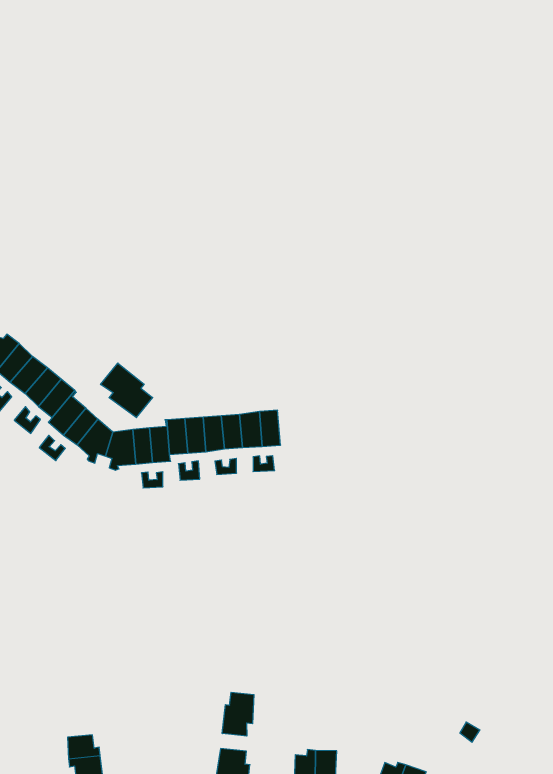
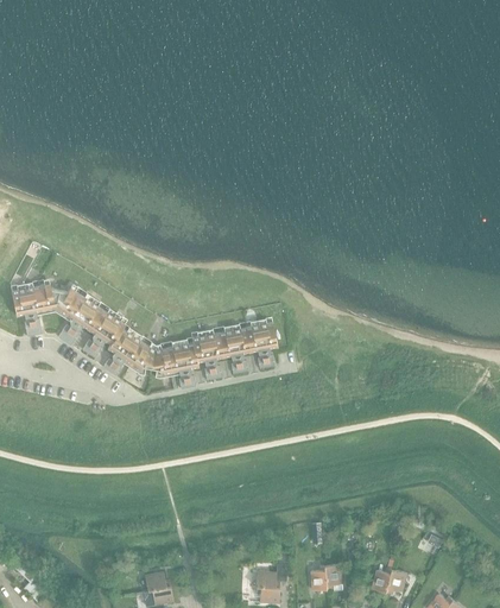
building: [101,363,153,418] -> none
building: [222,692,254,736] -> none

